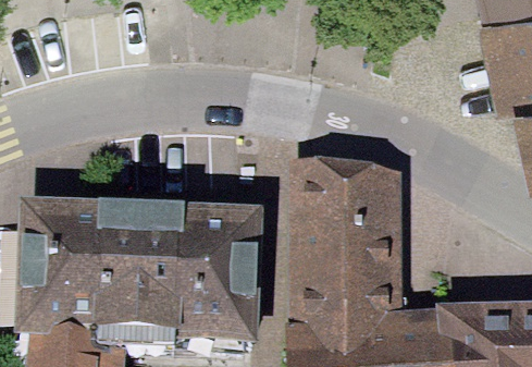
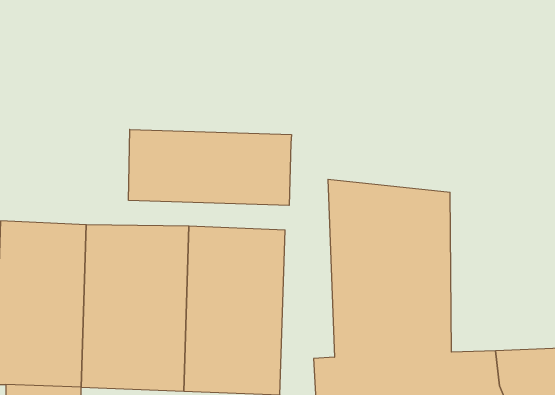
building: none -> [129,129,291,205]

